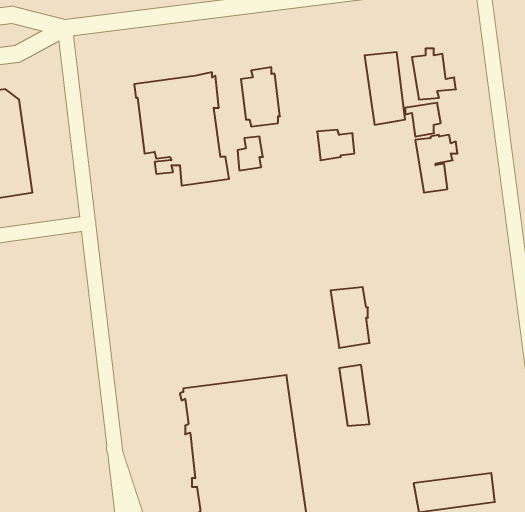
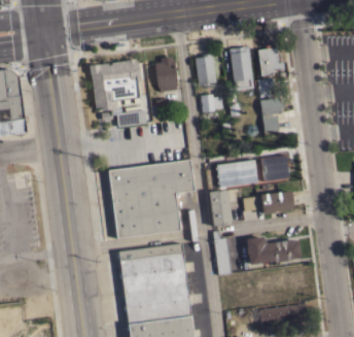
building: none -> [194,54,217,85]
building: none -> [260,155,290,181]
building: none -> [109,159,194,238]
building: none -> [216,160,258,188]
building: none -> [244,191,295,214]
building: none -> [247,236,302,265]

